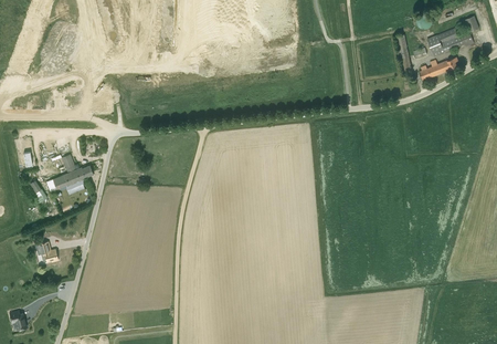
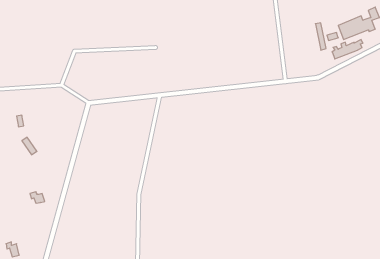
building: [46,154,94,191] -> none

